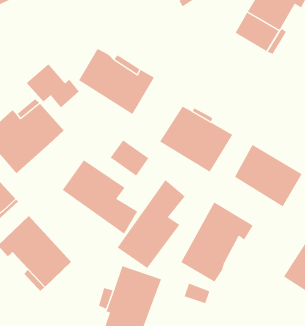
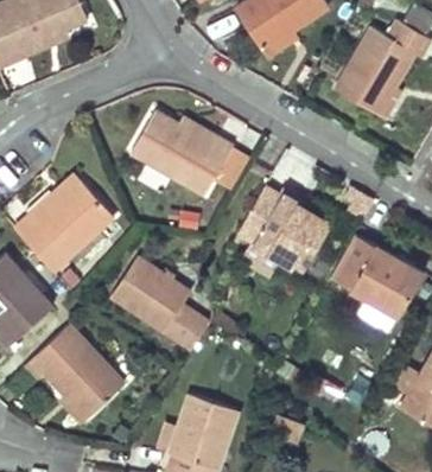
building: [26,63,79,108] -> none
building: [110,140,149,177] -> none
building: [117,179,186,269] -> none
building: [180,201,254,282] -> none

